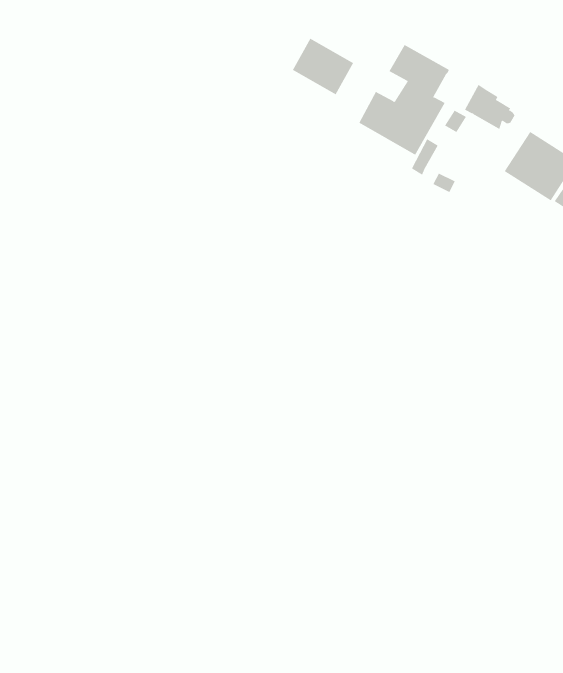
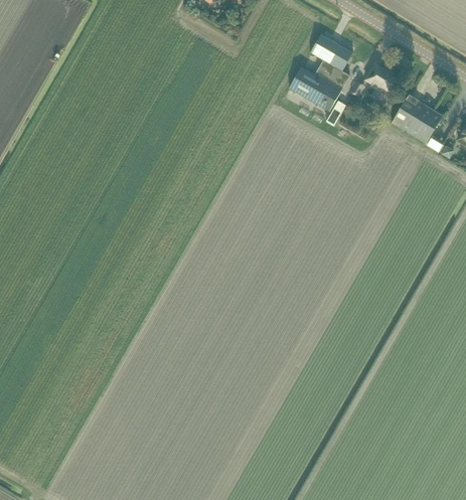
building: [292,38,354,95] -> none

